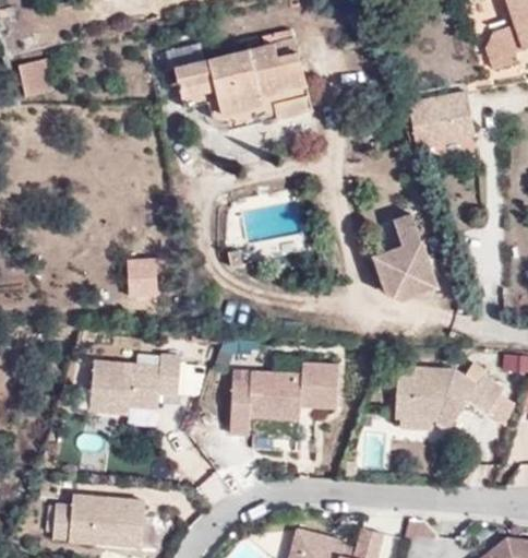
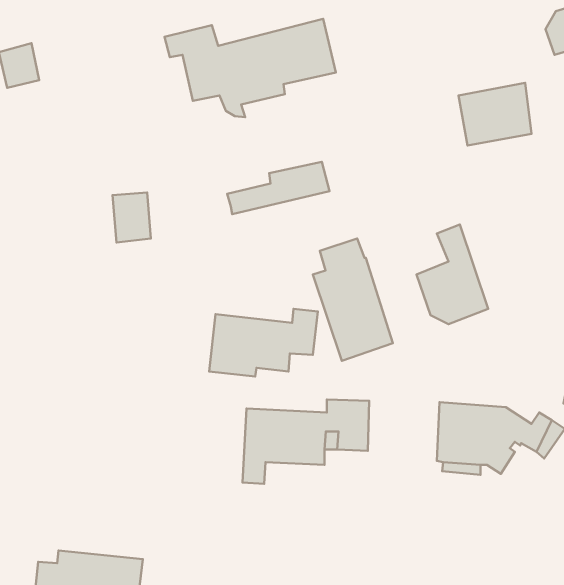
building: [227,84,314,129] -> [227,162,329,214]
building: none -> [313,238,393,361]
building: [127,256,159,298] -> [113,193,151,242]
building: [88,354,181,412] -> [209,309,318,377]

